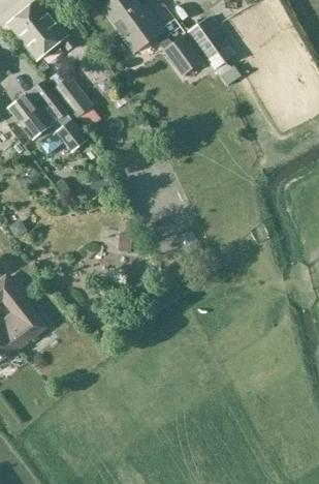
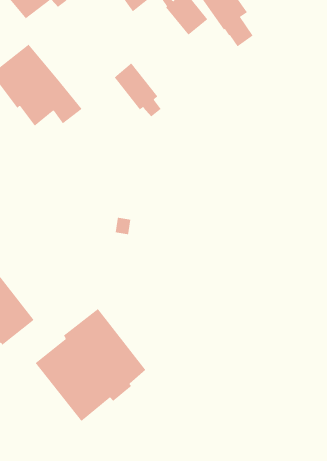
building: [54,74,96,123] -> [114,62,162,117]
building: none -> [35,308,146,422]

